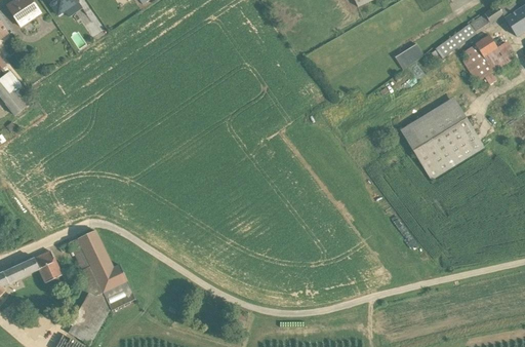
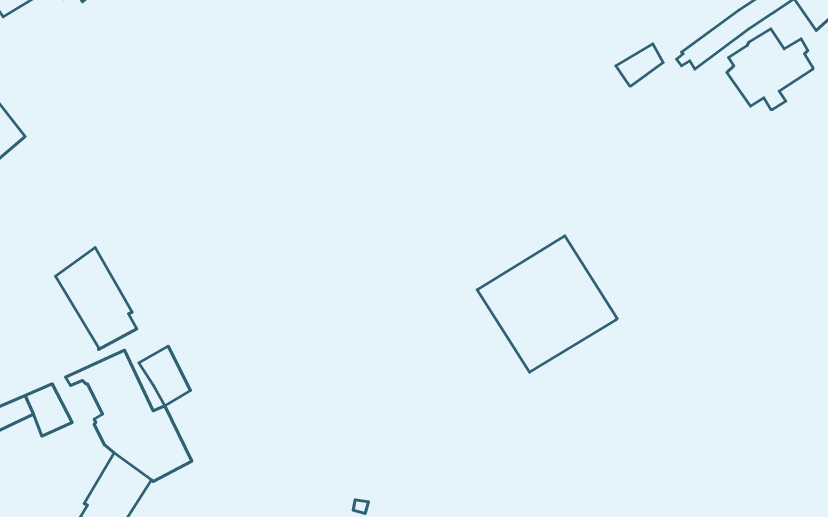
building: [399,95,484,179] -> [477,236,617,372]
building: none -> [56,248,137,349]
building: none -> [139,346,191,406]

